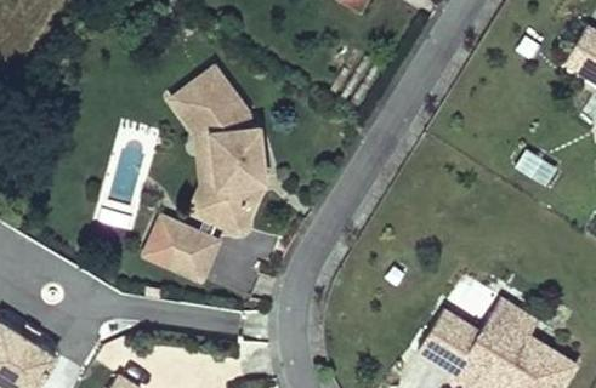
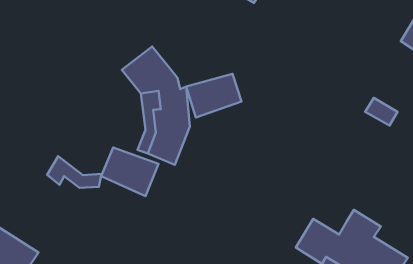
building: none -> [186,74,242,118]
building: none -> [47,156,101,188]

